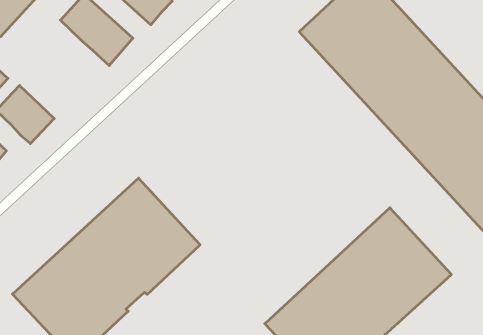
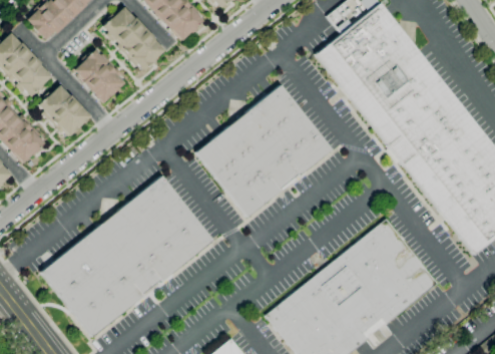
building: none -> [72,50,125,103]
building: none -> [195,85,332,218]

